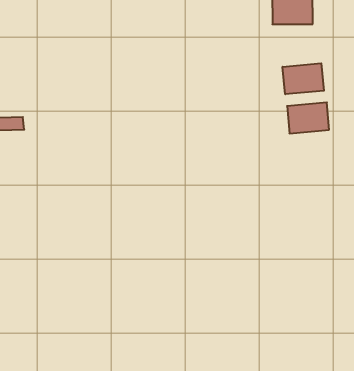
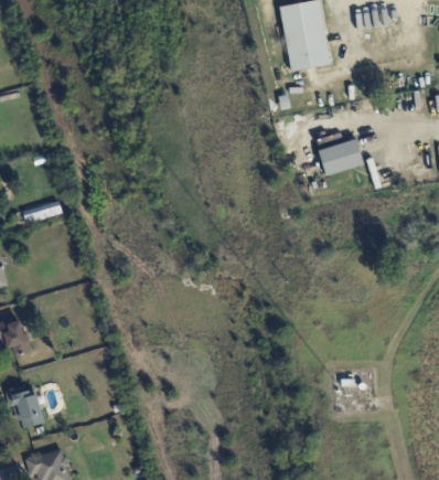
building: [283,63,324,94] -> none

